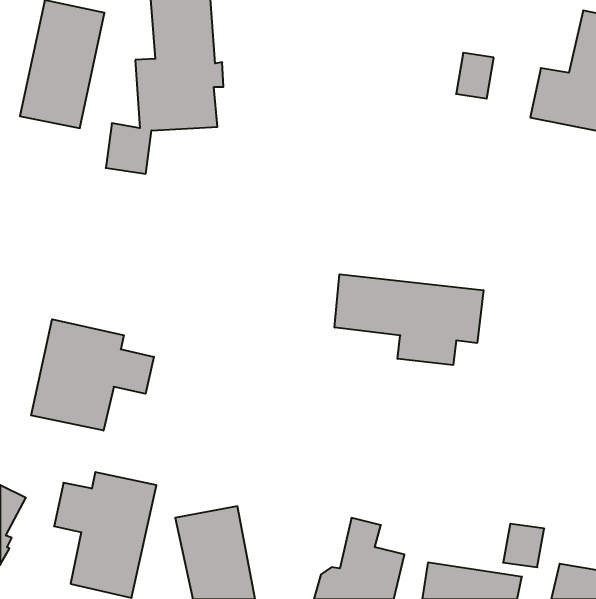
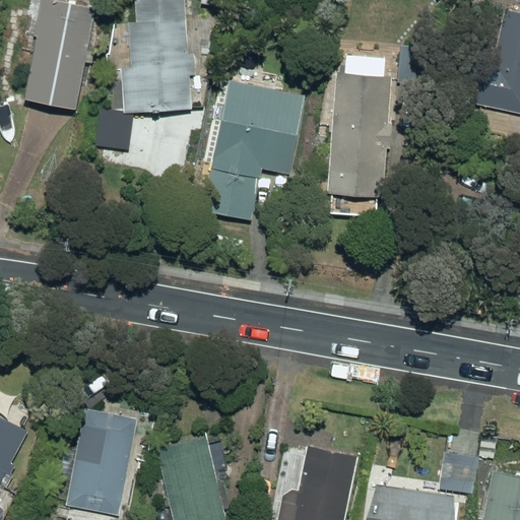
building: none -> [325,72,392,198]
building: none -> [202,79,304,219]
building: [335,274,483,365] -> none
building: [31,319,154,431] -> none

